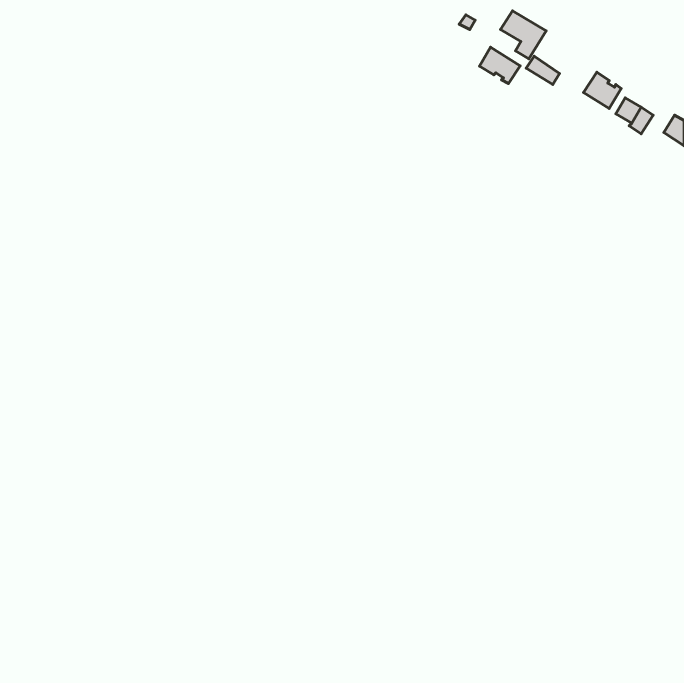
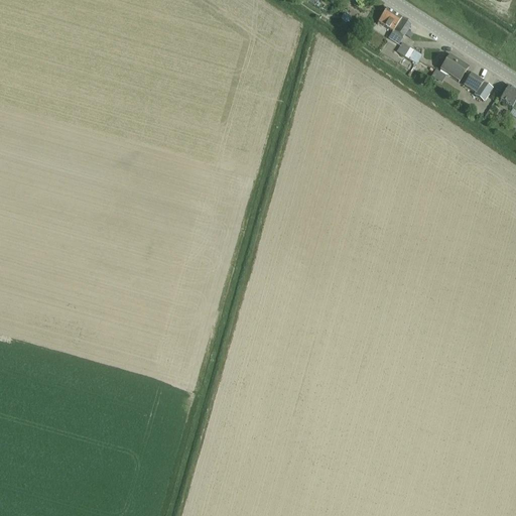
building: [479,47,520,84] -> none

